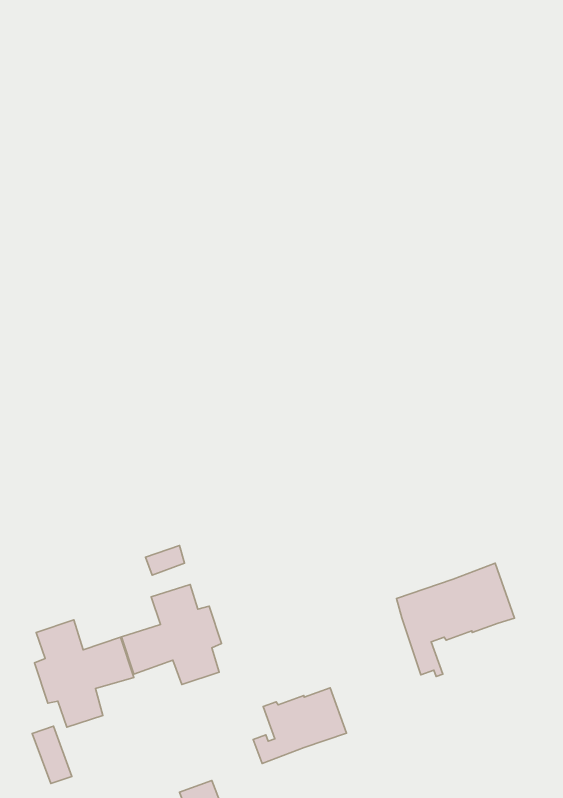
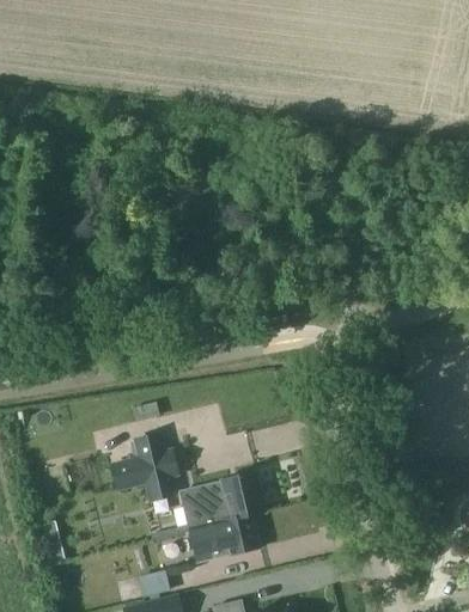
building: [396,563,514,677] -> [179,472,262,549]
building: [35,620,134,727] -> none

